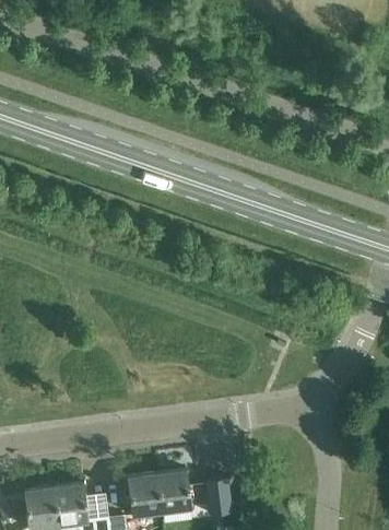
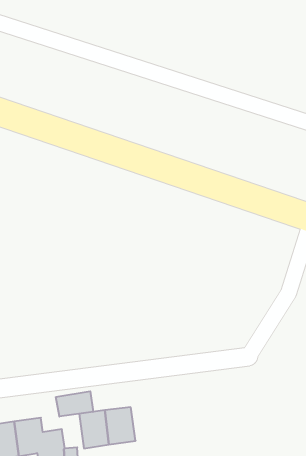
building: none -> [56,391,93,417]
building: [205,479,232,517] -> none

